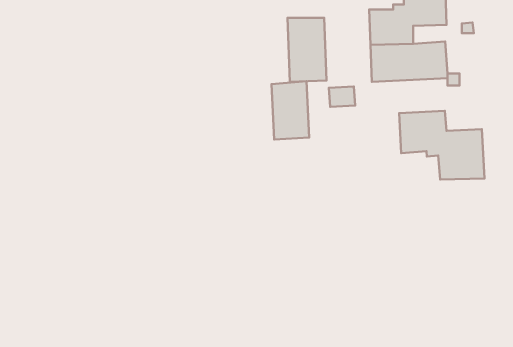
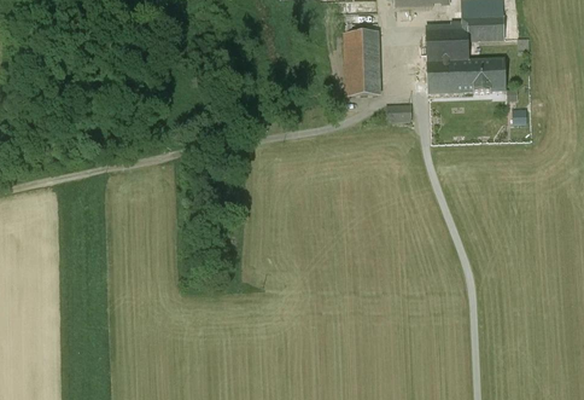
building: [272,81,309,139] -> none
building: [399,111,484,179] -> none

